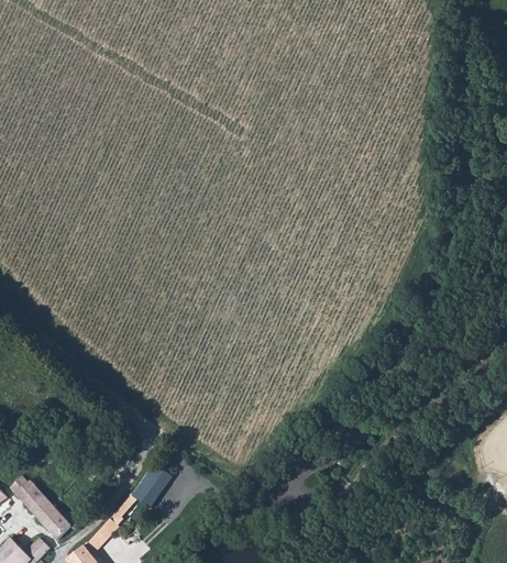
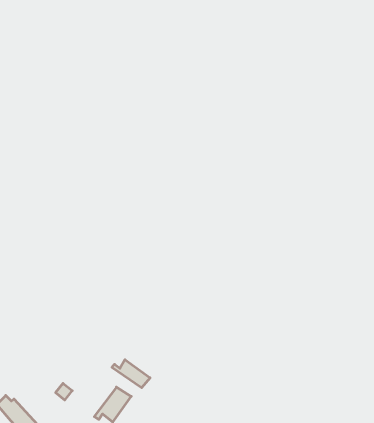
building: none -> [112,360,150,388]

